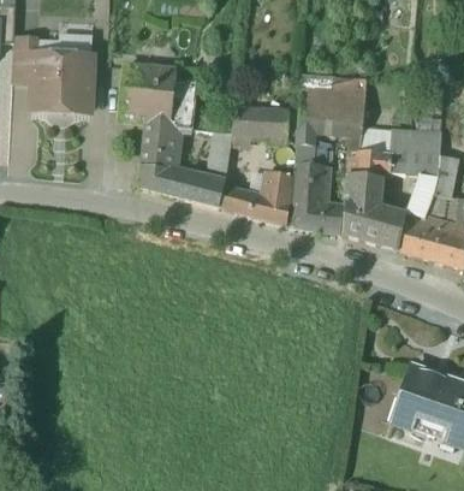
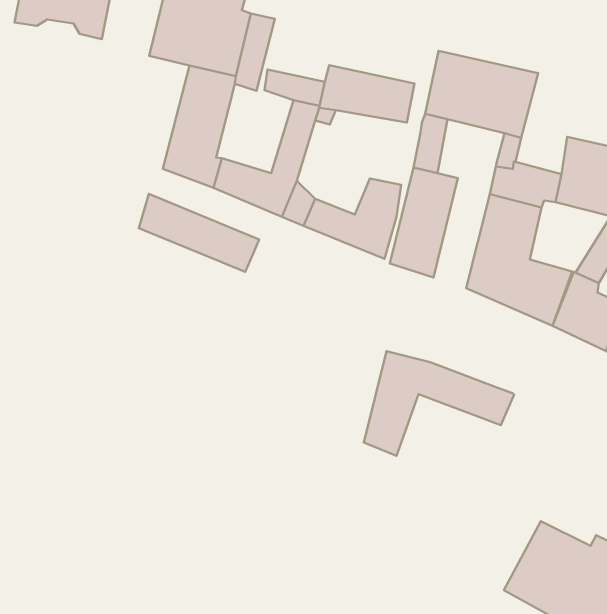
building: none -> [139,194,259,272]
building: none -> [364,351,514,456]

